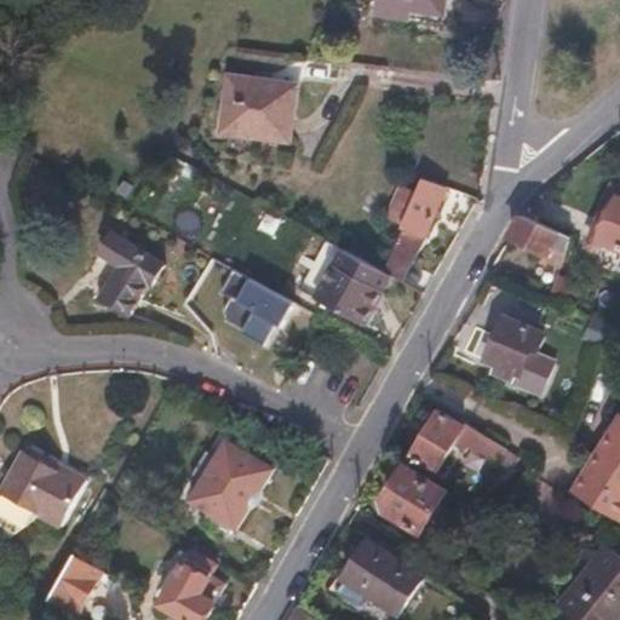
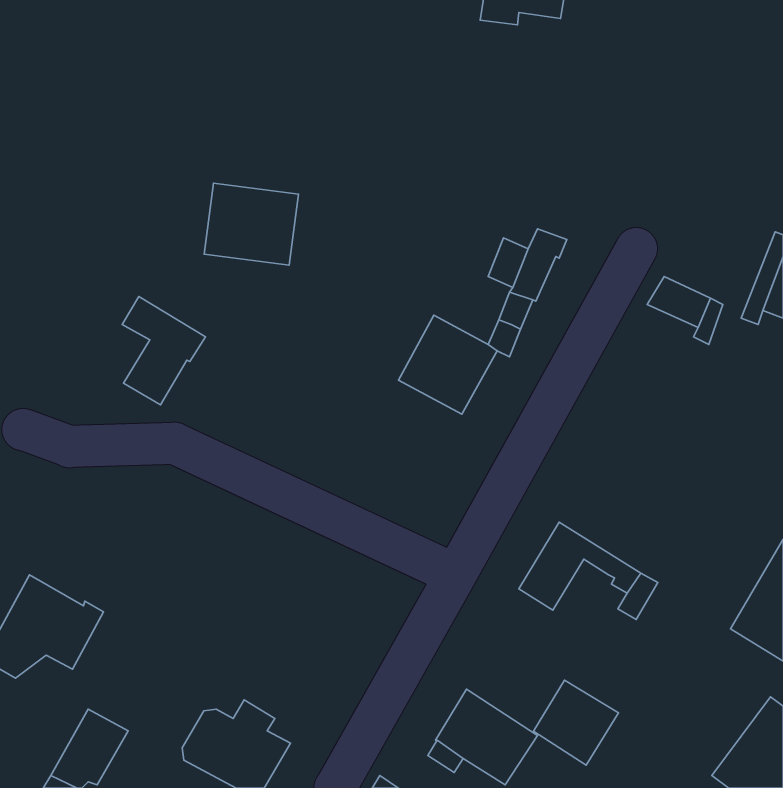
building: [220,76,294,140] -> [204,183,298,265]
building: [222,271,295,346] -> none
building: [481,318,546,385] -> none
building: [186,440,271,530] -> none
building: [379,467,446,534] -> [534,680,619,765]

